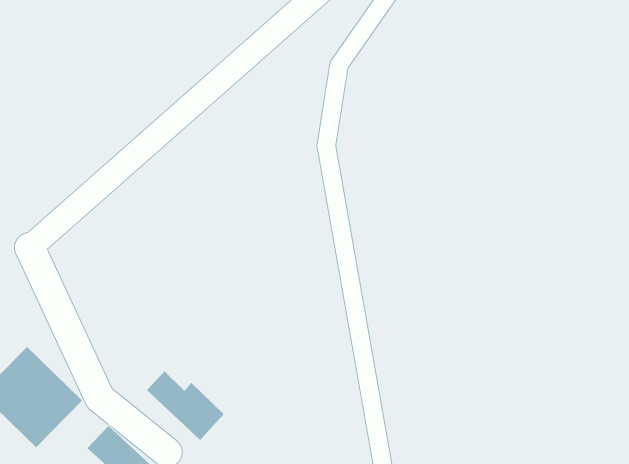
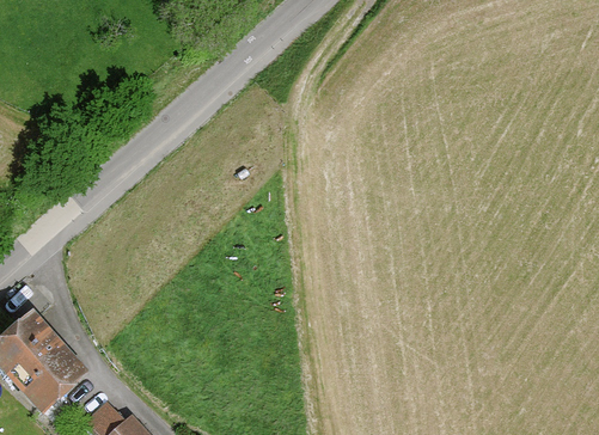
building: [146,370,225,441] -> none

